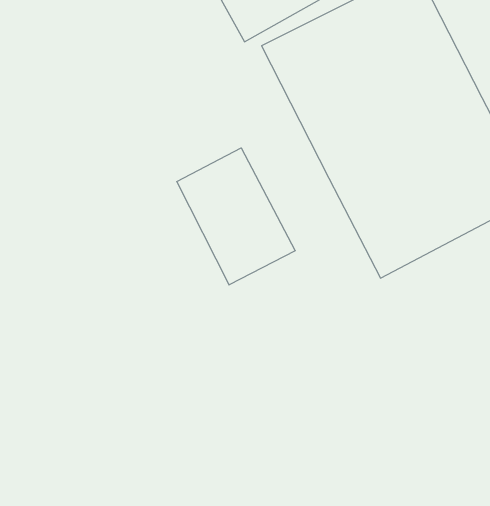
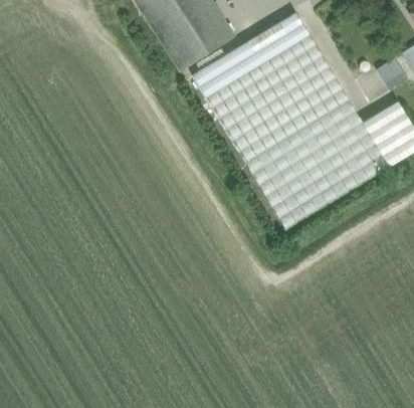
building: [177,148,295,285] -> none

